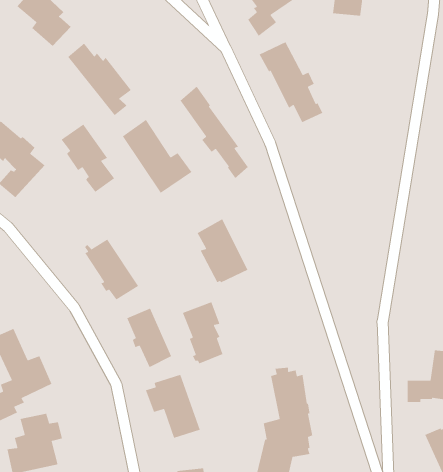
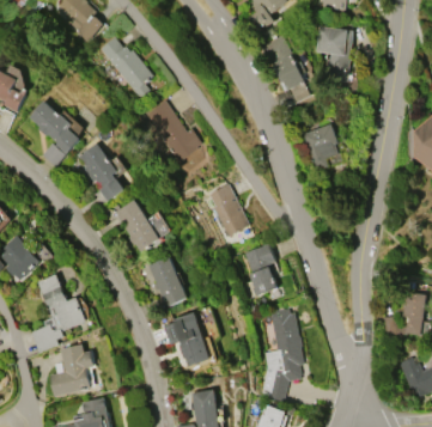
building: none -> [316,26,354,83]
building: [179,86,249,179] -> none
building: [61,124,115,193] -> [79,144,124,201]
building: none -> [303,124,339,171]
building: [182,301,223,364] -> [244,244,279,297]

